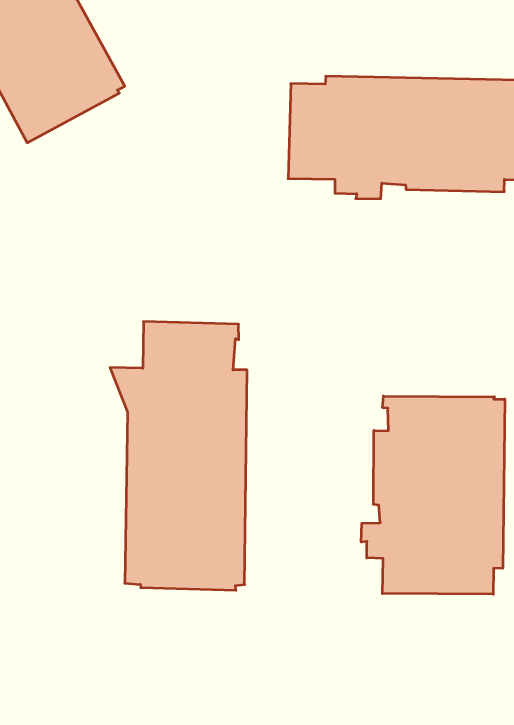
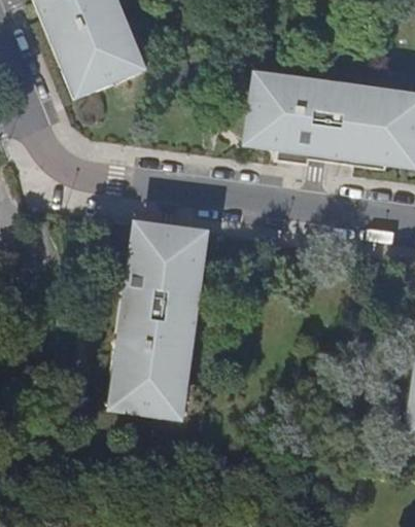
building: [361,396,505,594] -> none

